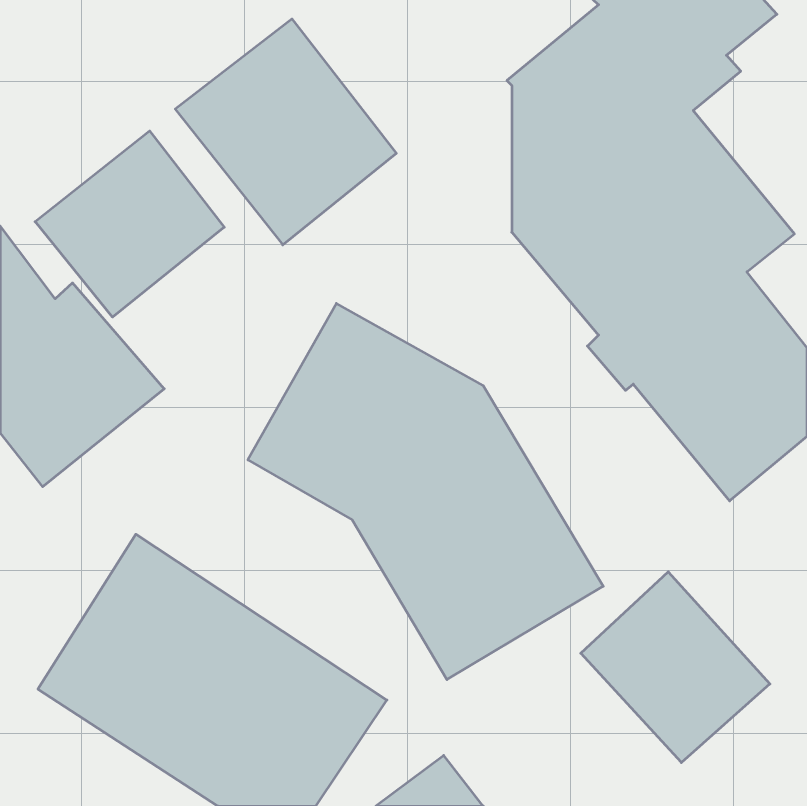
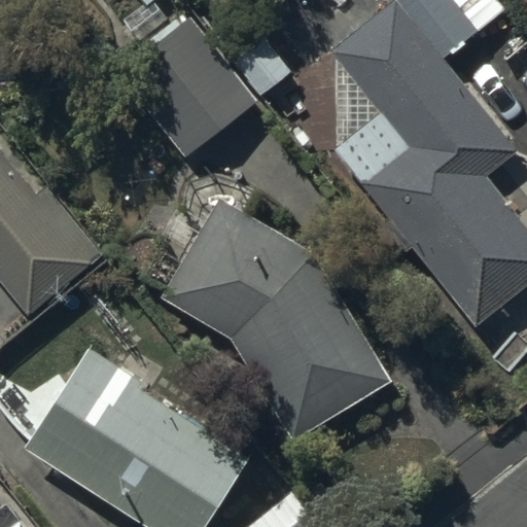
building: [35,131,224,317] -> none
building: [581,572,770,763] -> none

